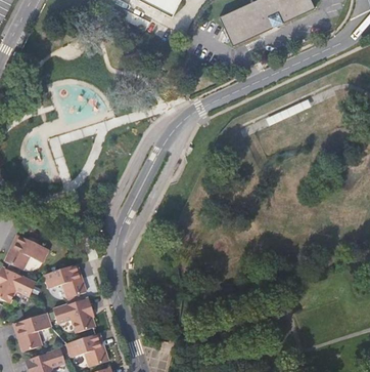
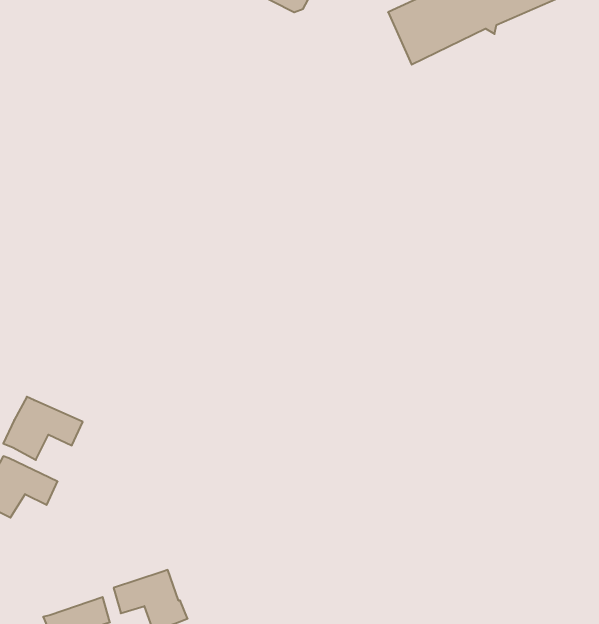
building: [44,262,86,298] -> none
building: [52,297,95,332] -> none
building: [15,312,50,350] -> none

